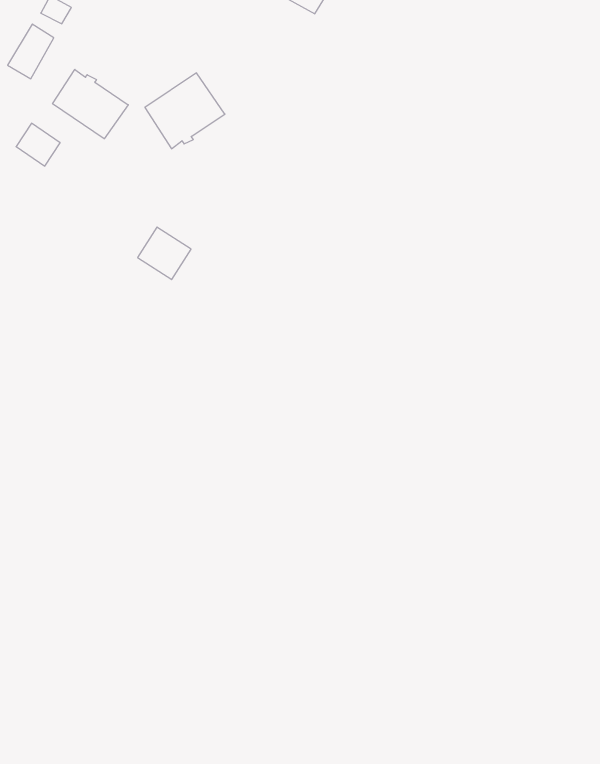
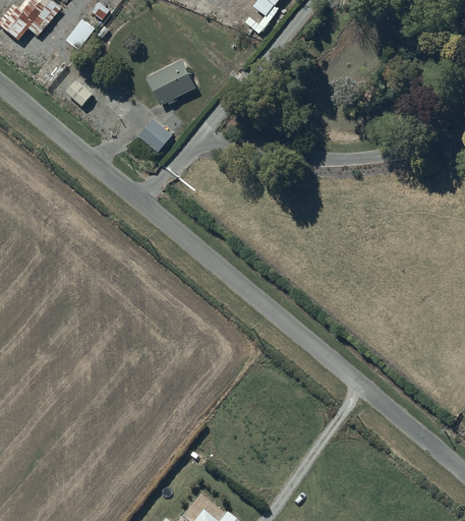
building: [53,69,128,139] -> none
building: [138,227,191,280] -> [138,118,172,152]

